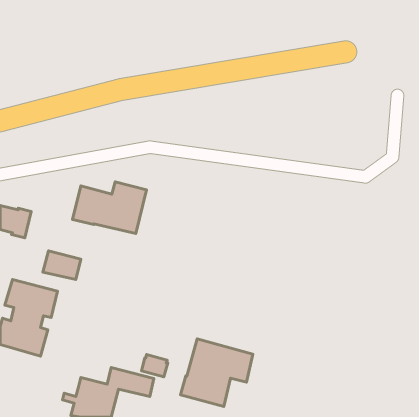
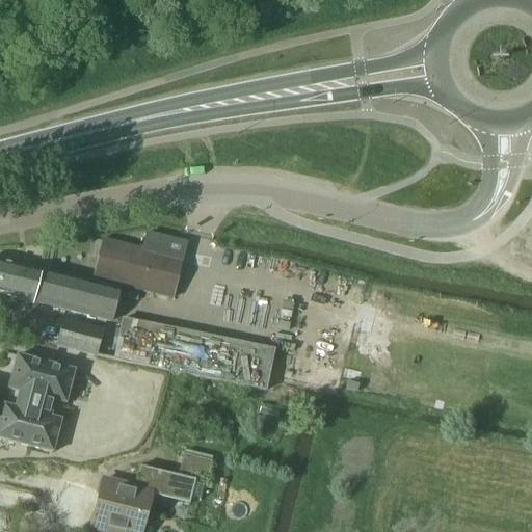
building: none -> [33,267,121,319]
building: none -> [113,316,275,389]
building: [181,339,253,406] -> none

